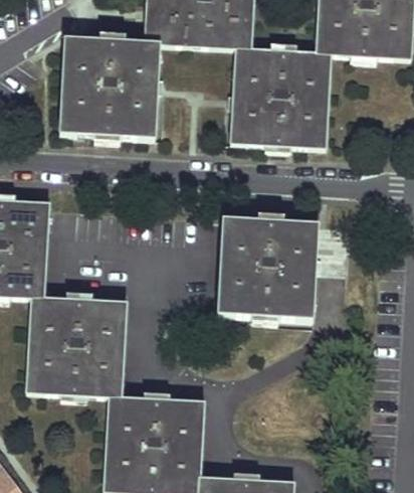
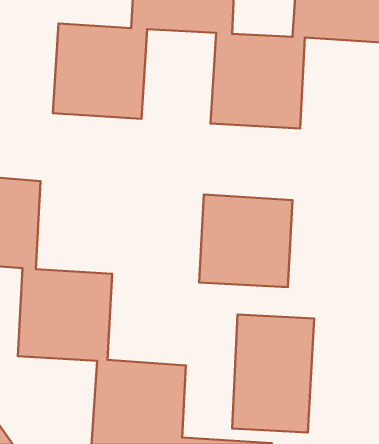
building: none -> [232,314,314,433]

